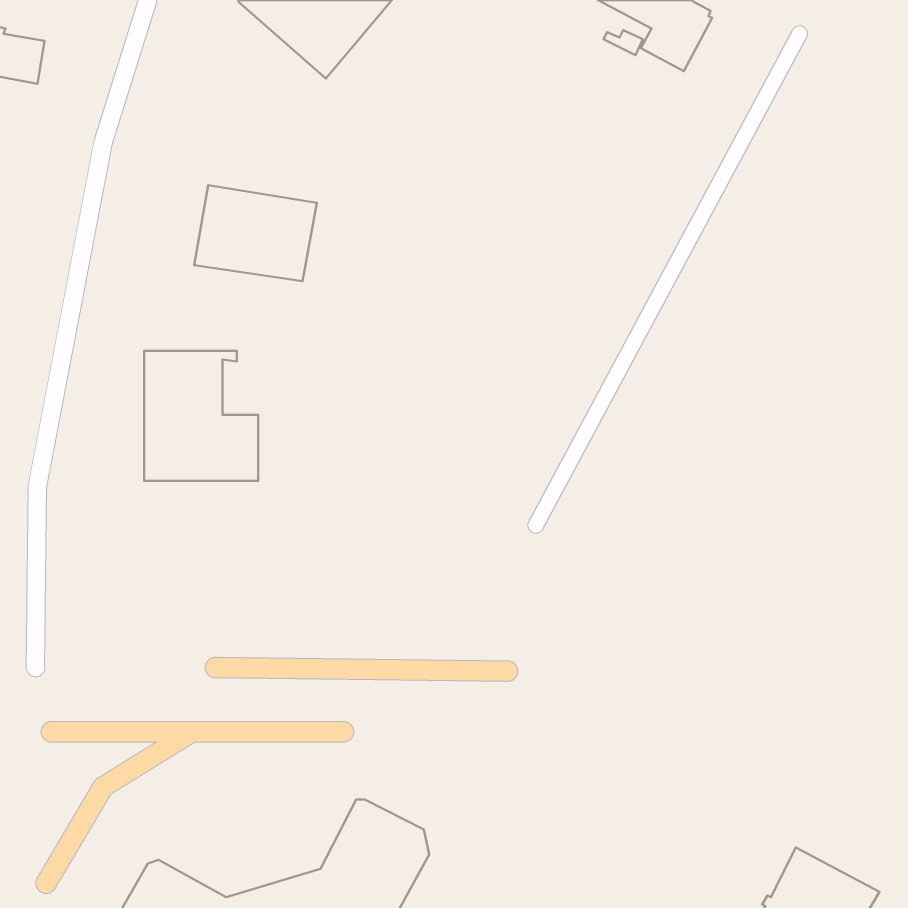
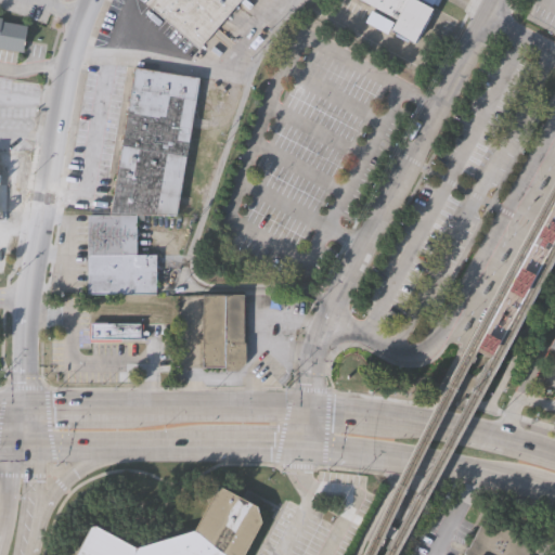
building: none -> [127,66,201,125]
building: none -> [109,163,184,215]
building: none -> [203,294,247,371]
building: none -> [89,323,147,344]

